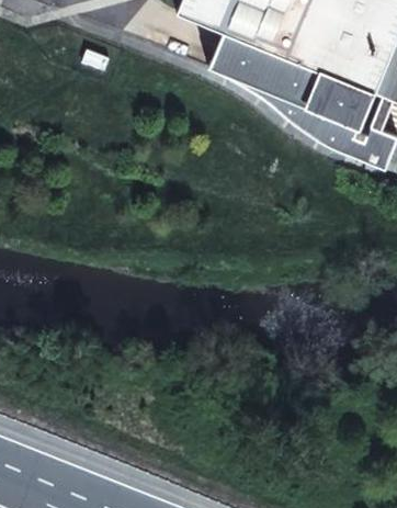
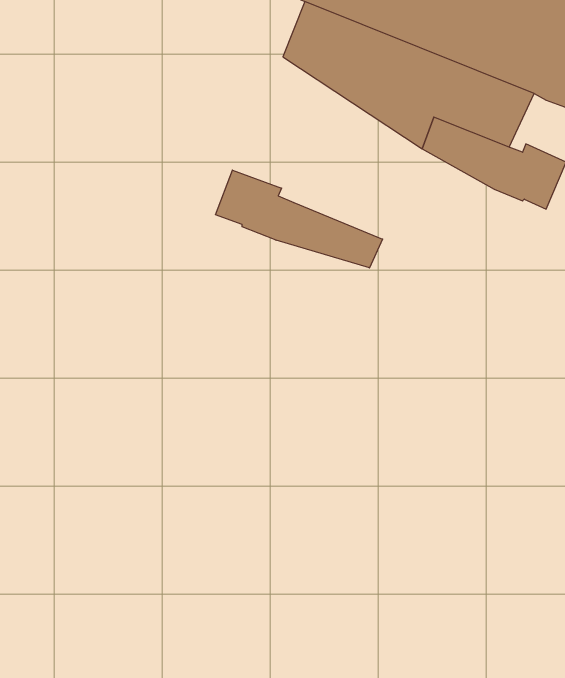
building: none -> [215,170,383,268]

